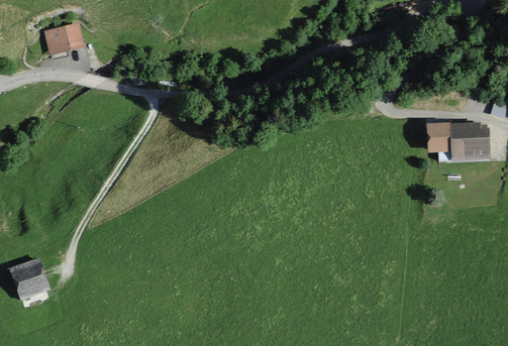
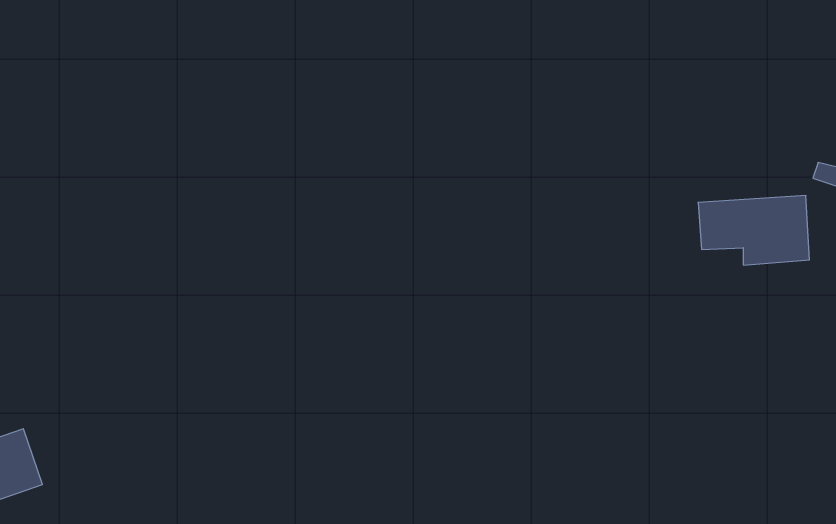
building: [47,26,85,55] -> none

